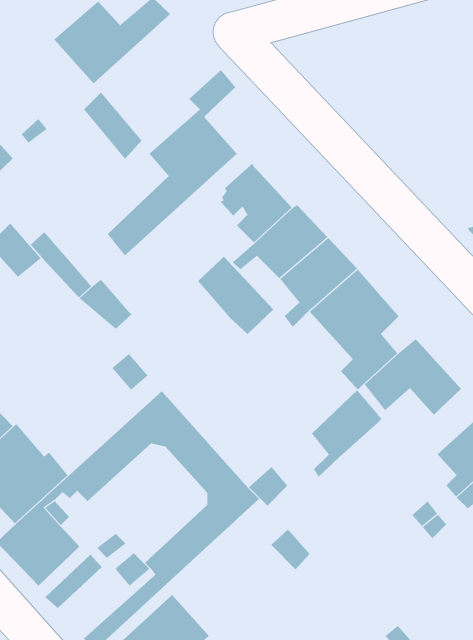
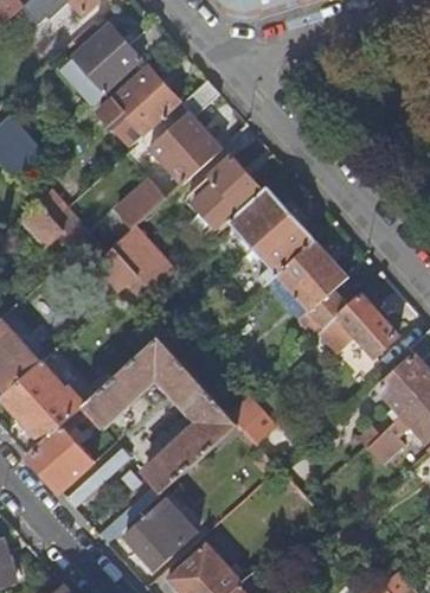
building: none -> [110,68,180,138]
building: [197,256,274,335] -> [110,228,172,291]
building: [311,389,382,478] -> none

